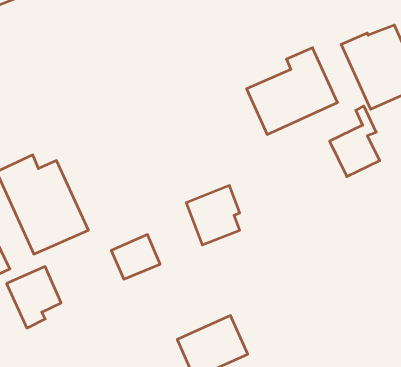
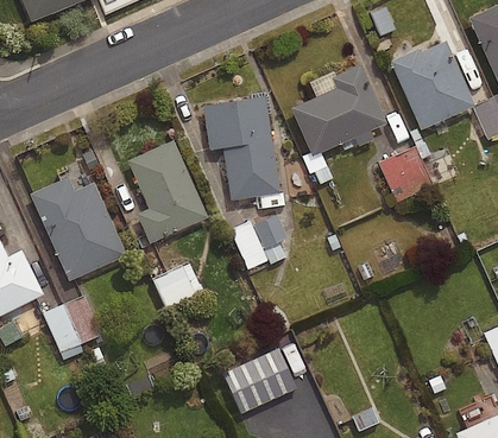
building: none -> [203,96,280,201]
building: none -> [127,139,208,243]

